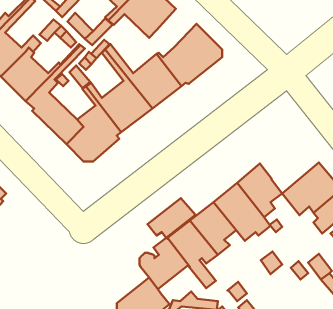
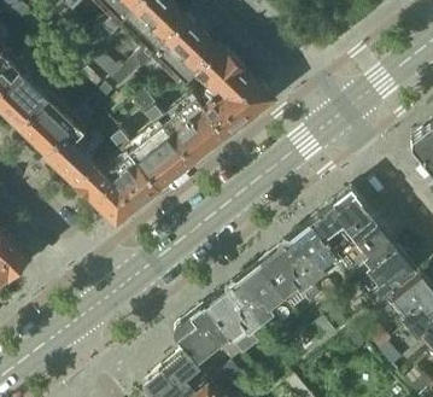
building: none -> [195,46,240,92]
building: none -> [309,188,378,256]
building: [147,198,196,238] -> none

